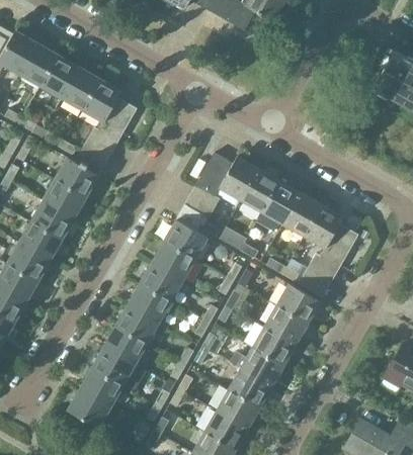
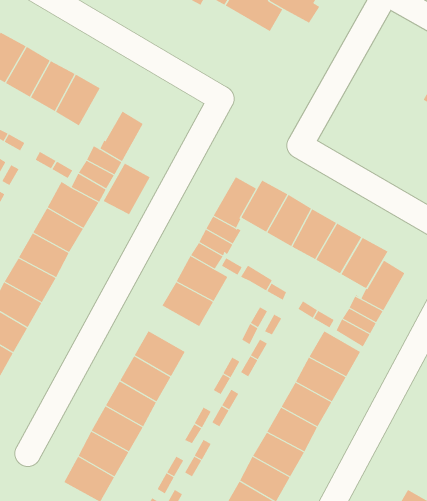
building: [81,79,121,123] -> [103,163,151,215]
building: [140,263,183,302] -> none

